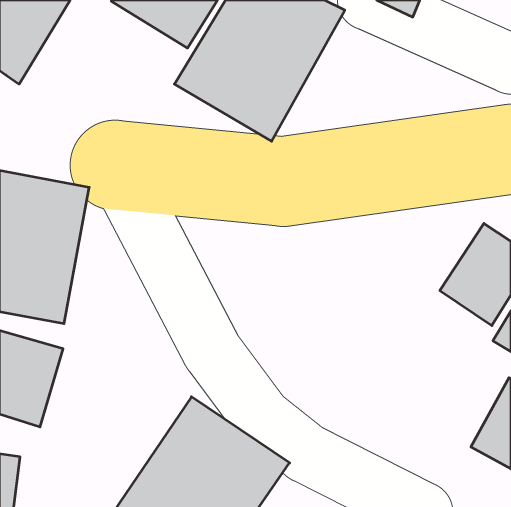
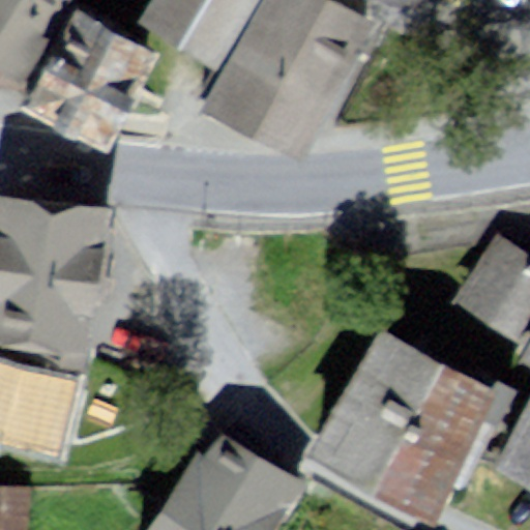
building: none -> [22,12,161,158]
building: none -> [308,329,504,525]

